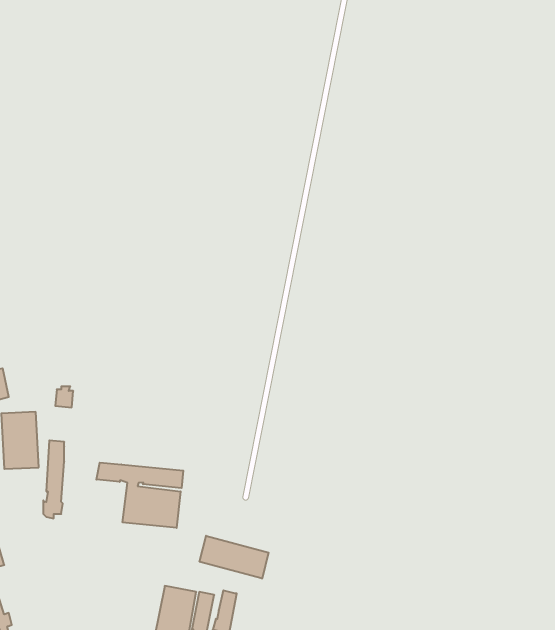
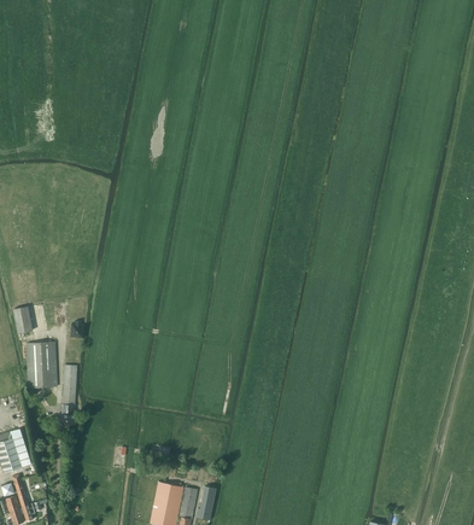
building: [96,463,183,528] -> none
building: [200,536,269,579] -> none

